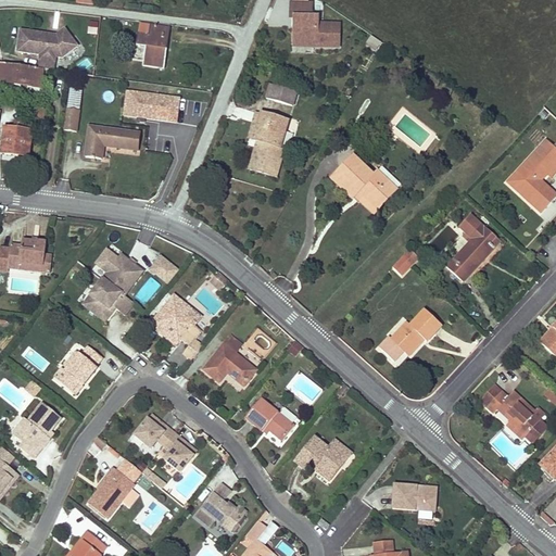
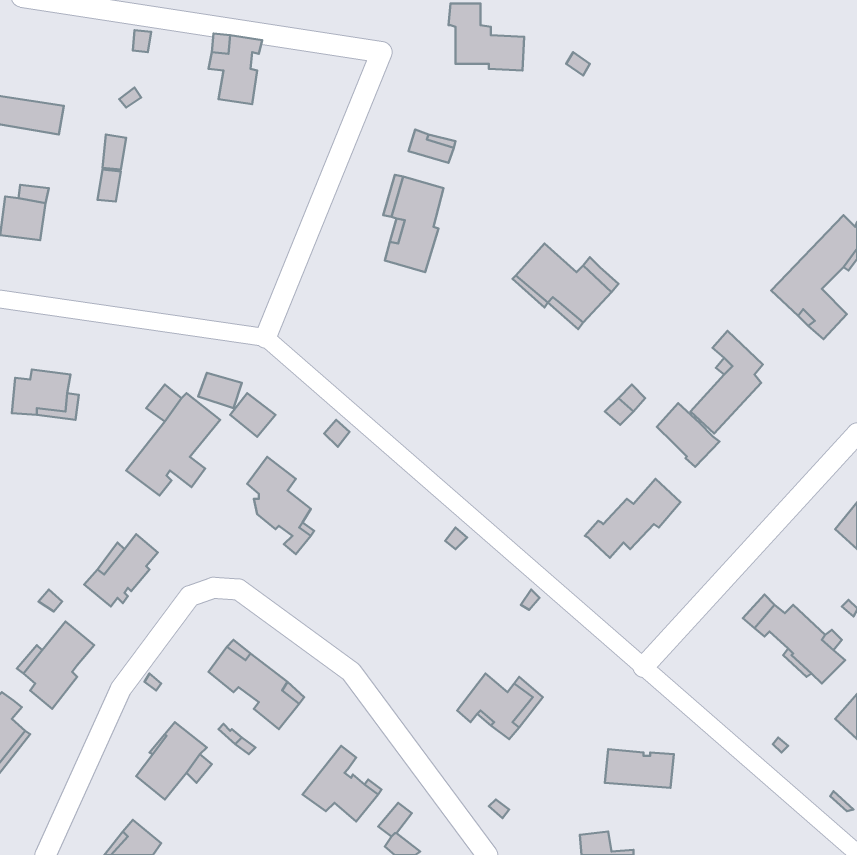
building: [16,28,76,68] -> none
building: [123,91,179,119] -> none
building: [84,125,138,156] -> none
building: none -> [657,403,719,467]
building: [202,334,255,383] -> none
building: [245,397,293,439] -> none

